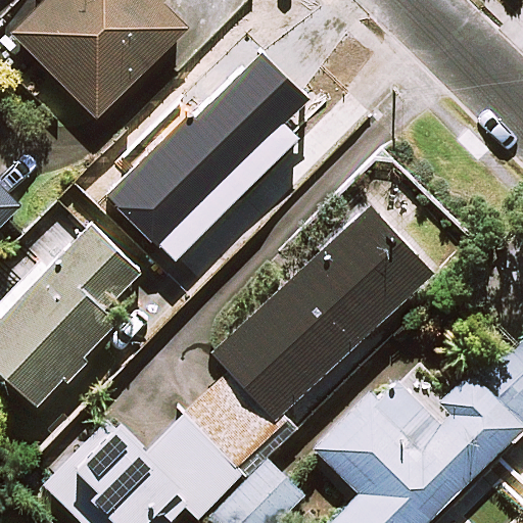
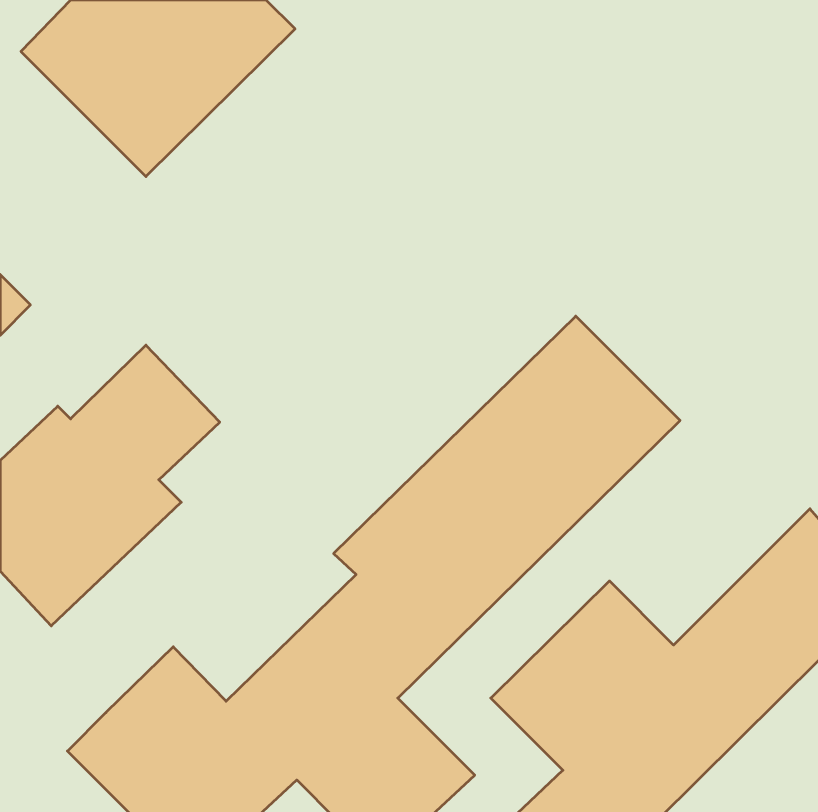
building: [107,39,323,256] -> none

